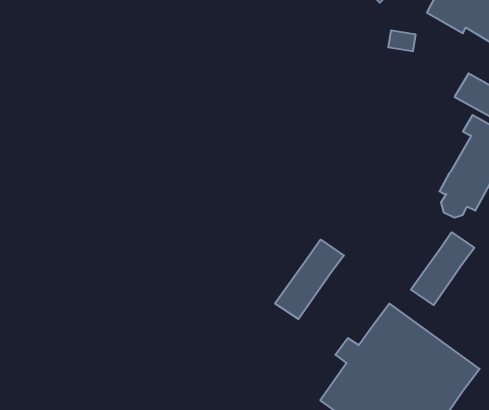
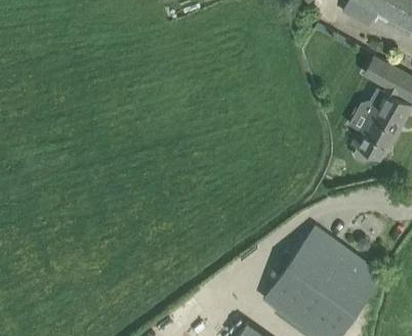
building: [411,232,474,305] -> none
building: [275,240,344,319] -> none

